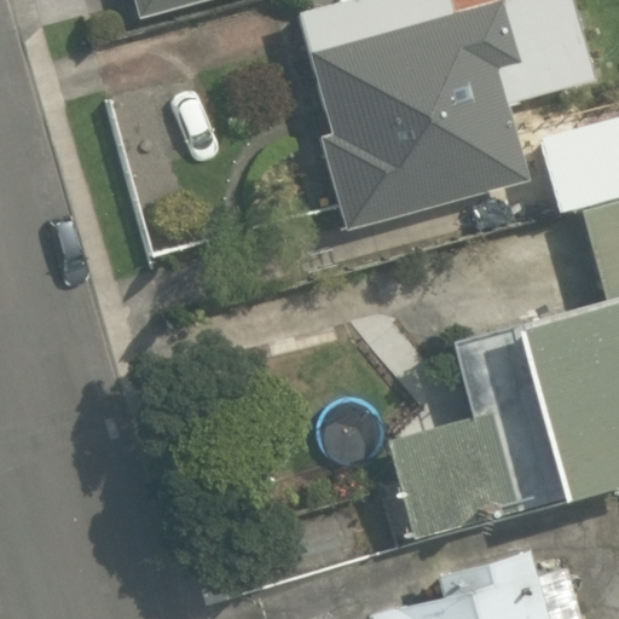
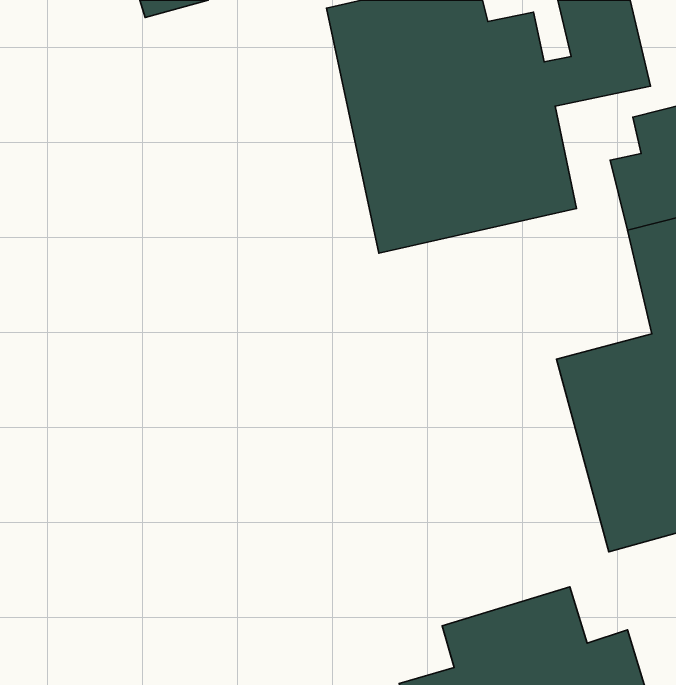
building: [386,325,557,542] -> none

